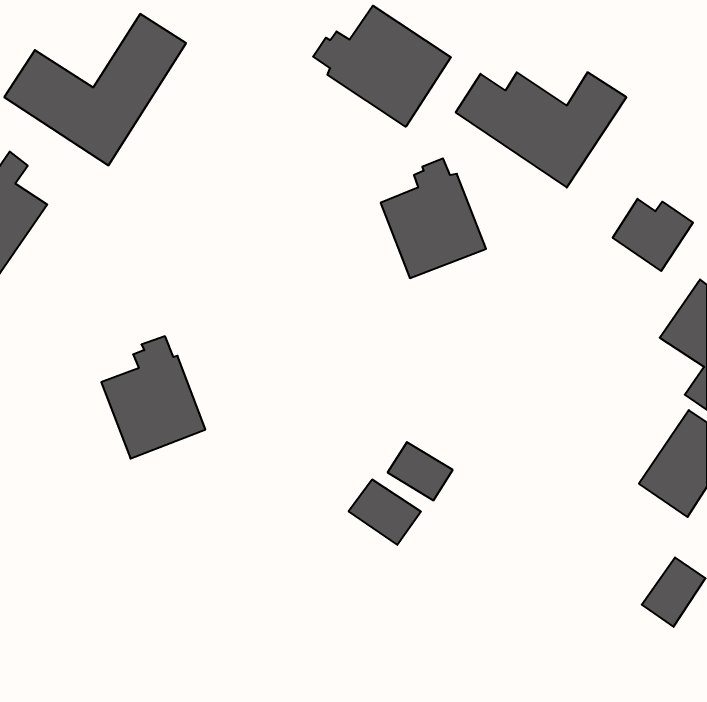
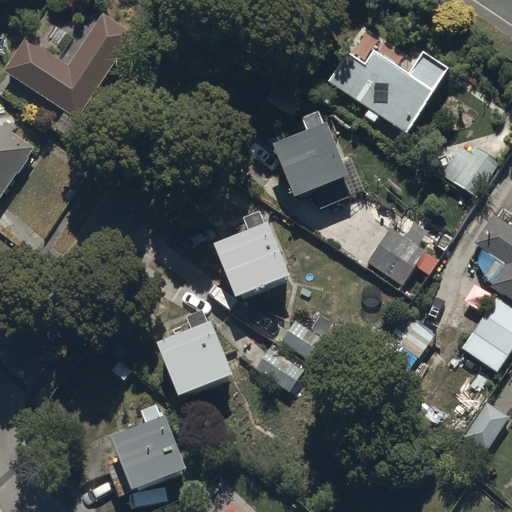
building: [313,6,451,127] -> none
building: none -> [215,212,292,301]
building: none -> [369,225,424,278]
building: [101,336,205,459] -> [158,312,233,400]
building: none -> [110,405,188,494]

